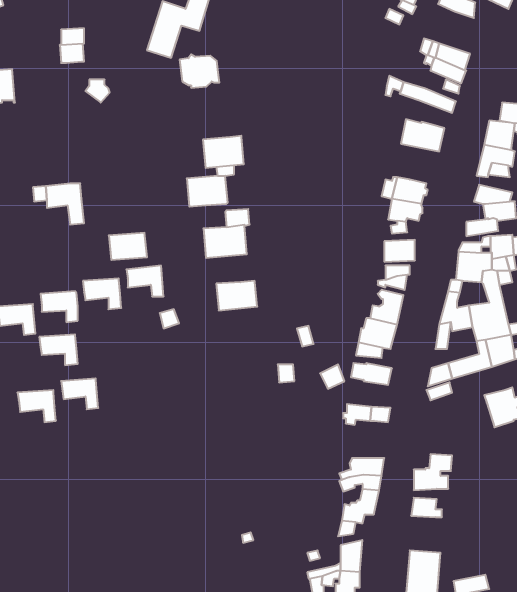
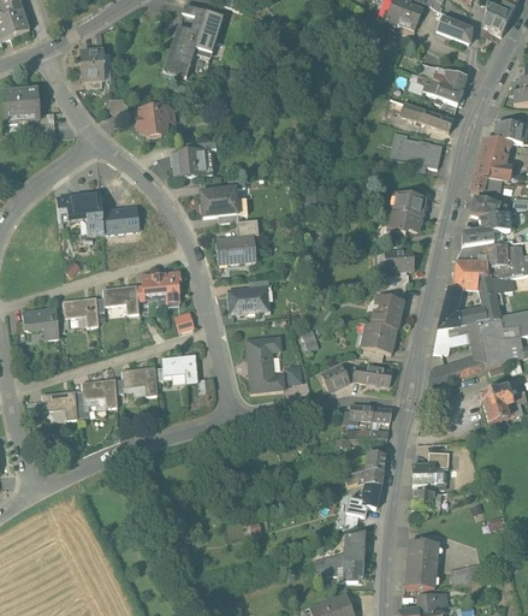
building: [180,54,219,88] -> [136,106,173,137]
building: [203,136,244,168] -> [171,149,209,179]
building: [109,233,147,260] -> [101,208,137,233]
building: none -> [247,337,284,391]
building: [39,334,78,365] -> [121,367,158,396]
building: none -> [161,355,197,384]

